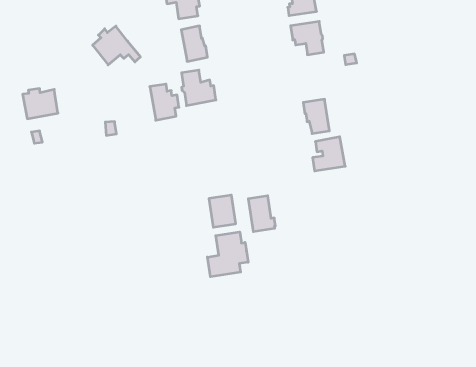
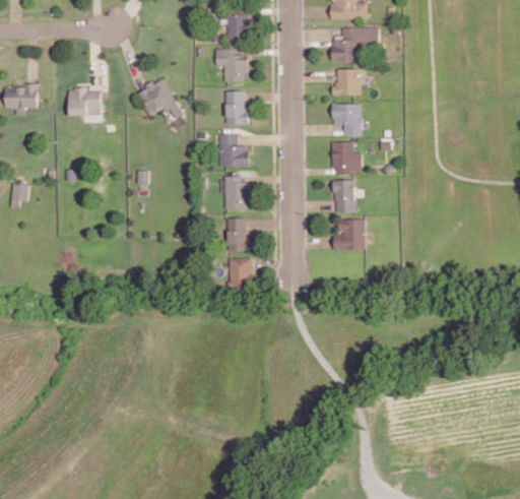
building: none -> [332,142,363,175]
building: [150,84,179,120] -> [223,176,249,209]
building: [23,89,58,119] -> [68,87,100,115]
building: [248,196,275,232] -> [226,219,249,251]
building: [207,232,248,277] -> none

